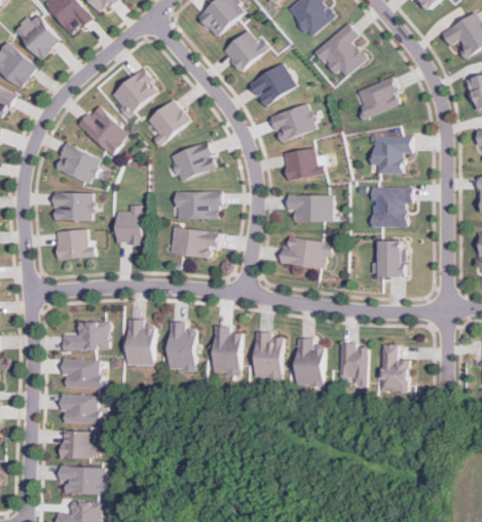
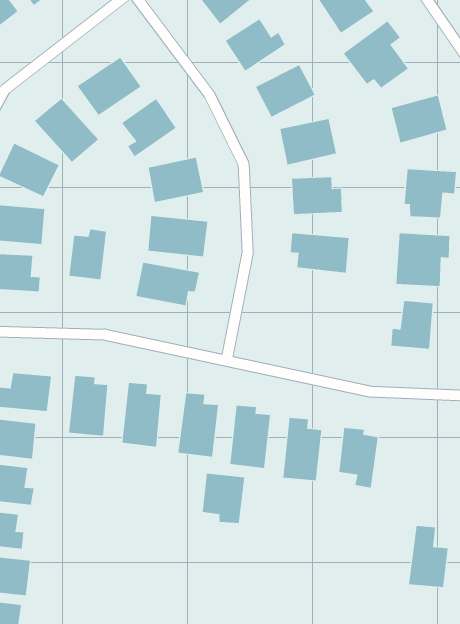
building: [283,236,332,267] -> none
building: [380,344,409,390] -> [408,526,448,587]
building: none -> [202,473,245,524]

